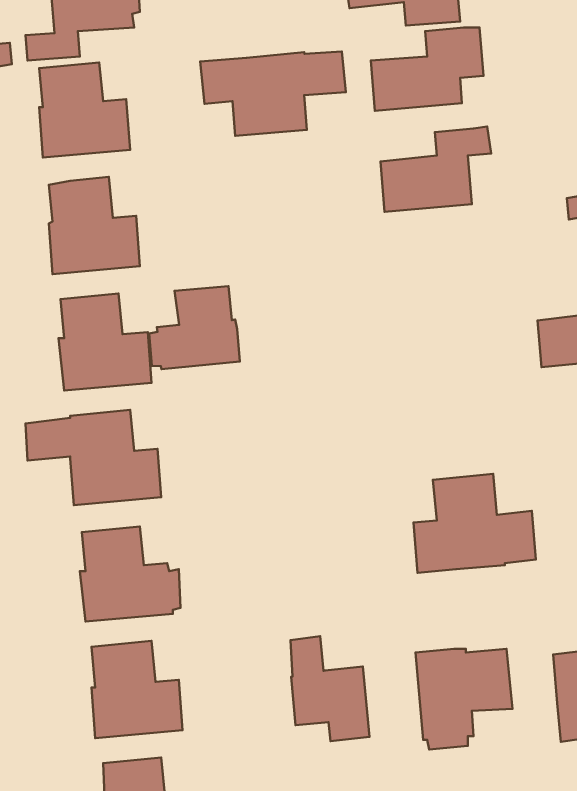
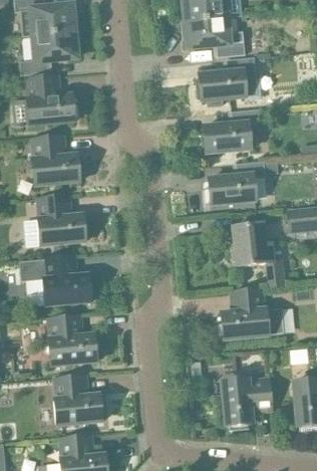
building: [200,51,346,136] -> none
building: none -> [208,161,265,205]
building: [149,286,240,369] -> none
building: none -> [232,224,283,286]
building: [291,636,370,741] -> none

